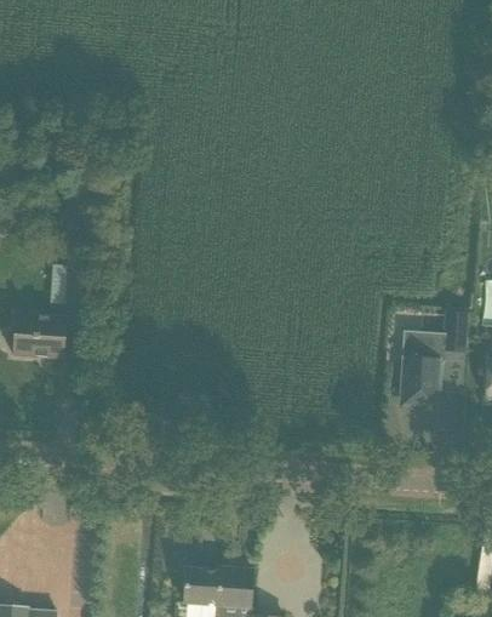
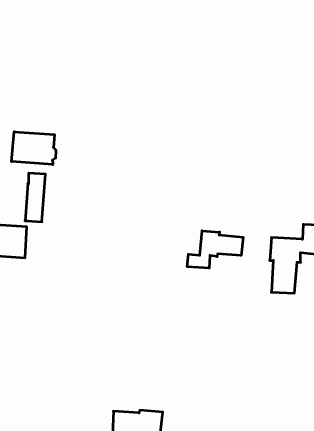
building: none -> [12,132,56,165]
building: none -> [187,231,243,268]

